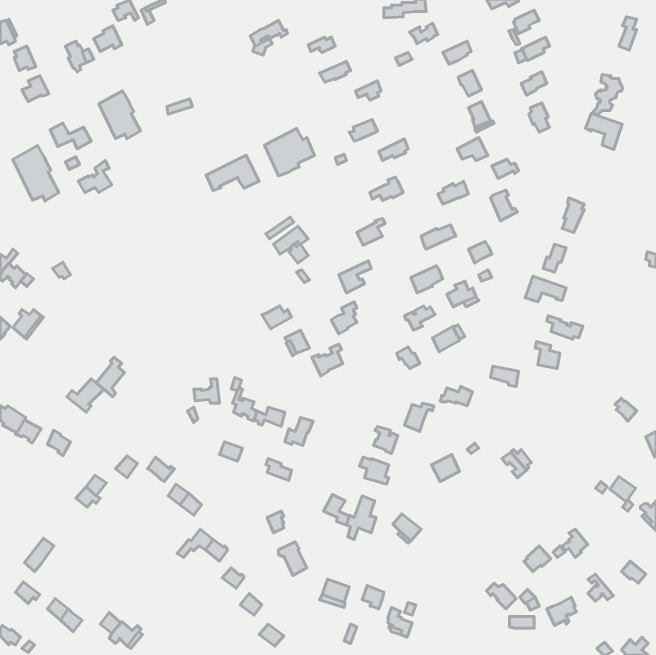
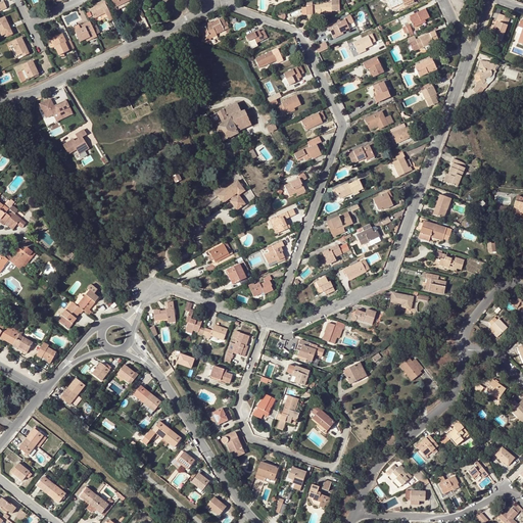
building: [99,91,140,139] -> none
building: [586,114,622,150] -> none
building: [13,146,59,201] -> none
building: [206,155,259,191] -> none

